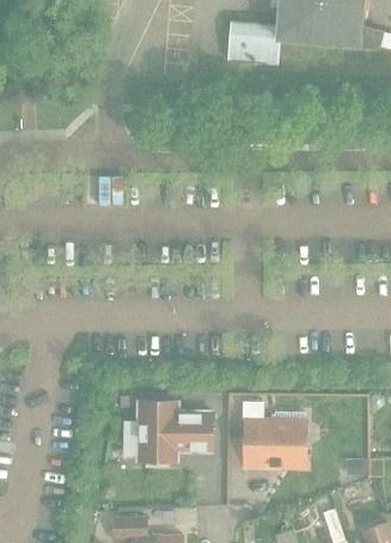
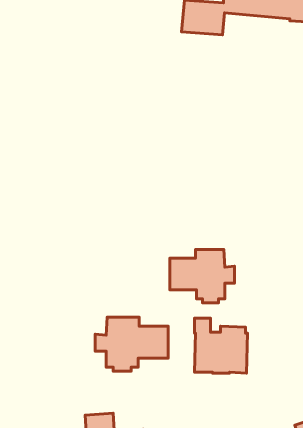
building: none -> [170,249,235,303]

